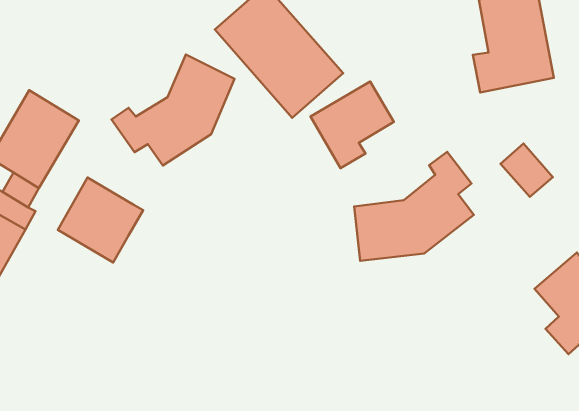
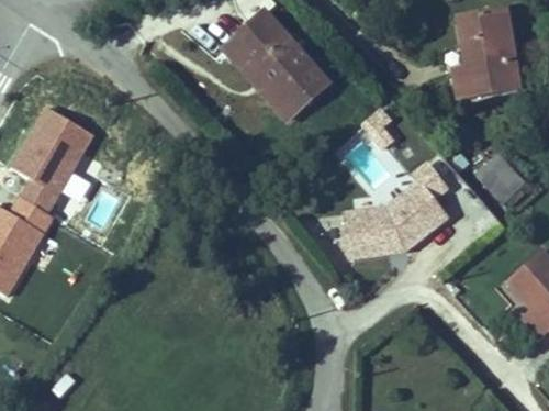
building: [112,54,234,166] -> none
building: [311,82,394,168] -> none
building: [58,178,143,263] -> none

